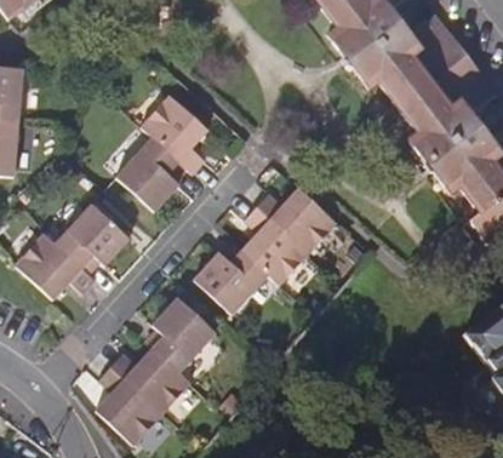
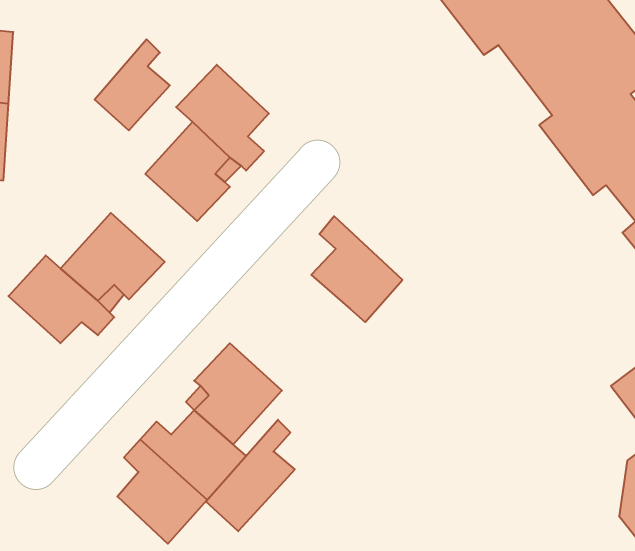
building: none -> [95,39,170,130]
building: [257,185,336,252] -> none
building: [193,248,269,315] -> none
building: none -> [206,420,295,531]

